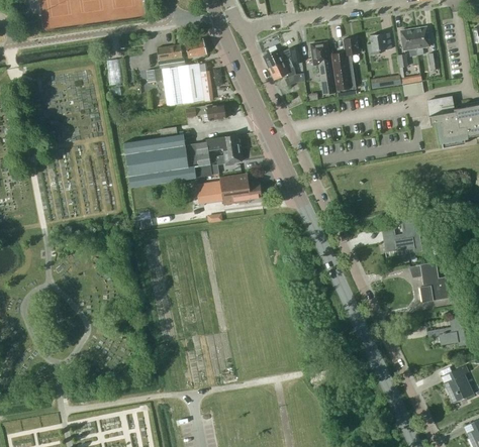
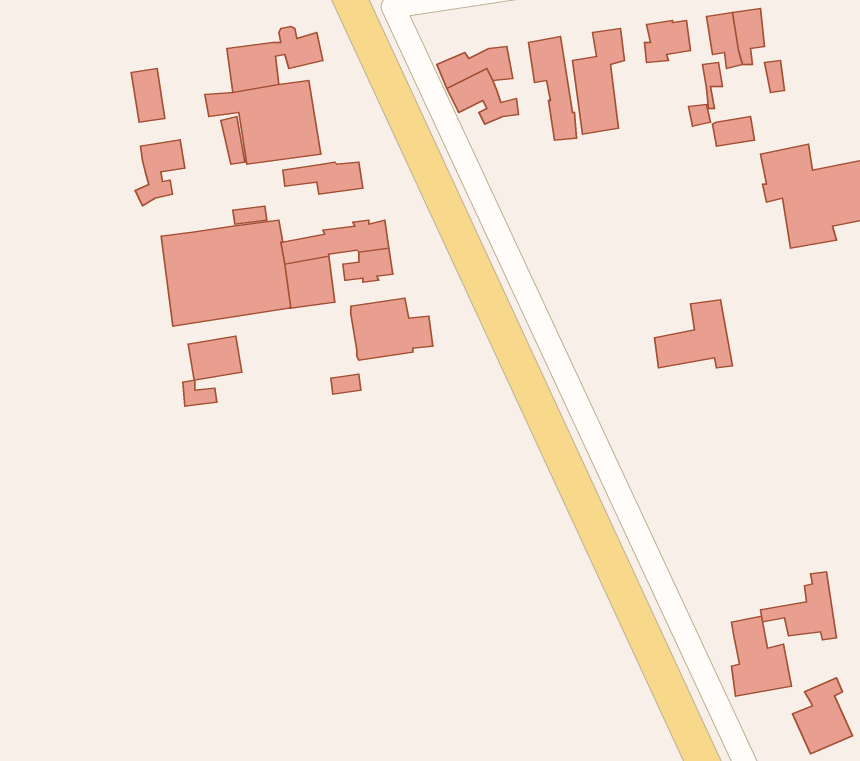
building: none -> [135,140,185,206]
building: [195,182,222,204] -> [188,336,242,380]
building: [382,218,421,252] -> [655,300,733,368]
building: [419,262,450,303] -> [731,616,791,696]

